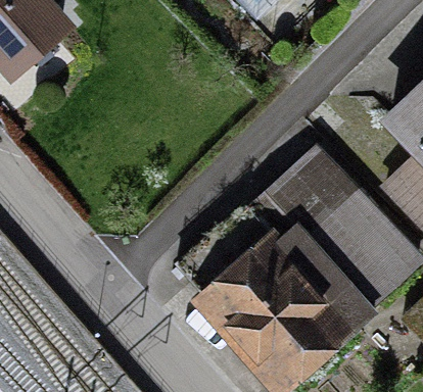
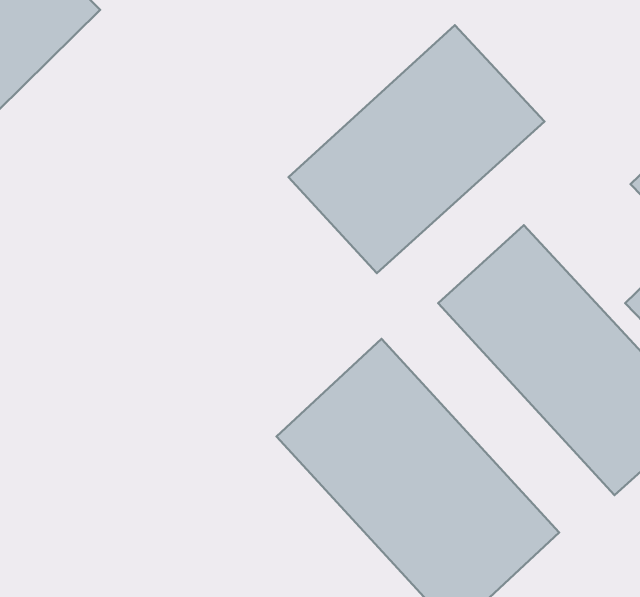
building: none -> [289,25,545,273]

